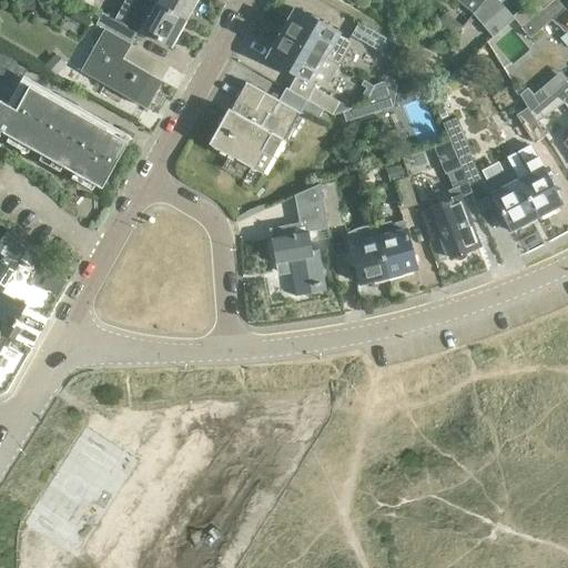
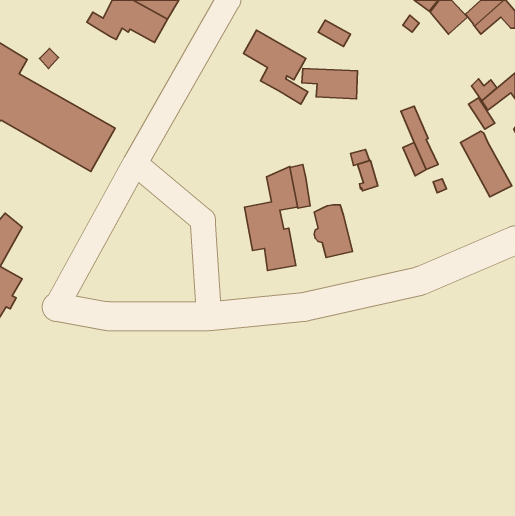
building: [282,10,351,64] -> none
building: [81,30,168,109] -> none
building: [209,82,306,173] -> none
building: [484,156,538,231] -> none
building: [422,195,481,257] -> none
building: [377,222,415,276] -> none

